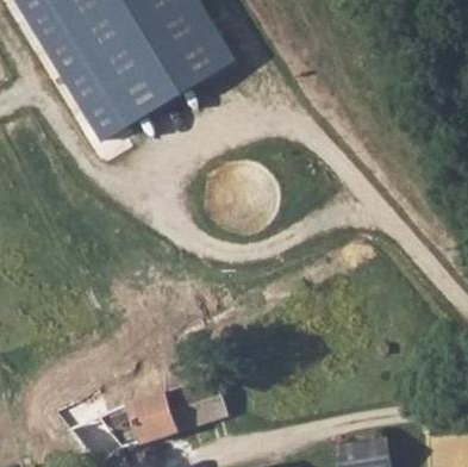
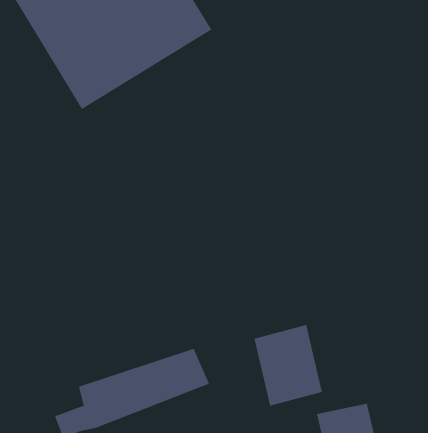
building: none -> [254,324,323,407]

